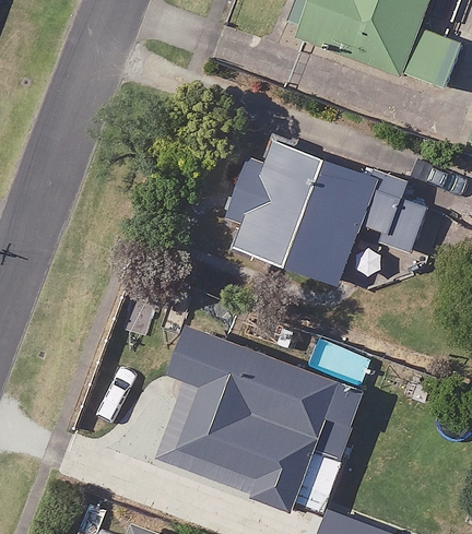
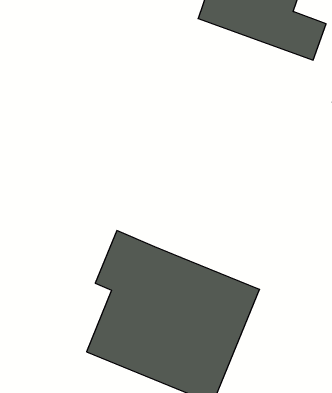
building: [223,139,424,282] -> none

